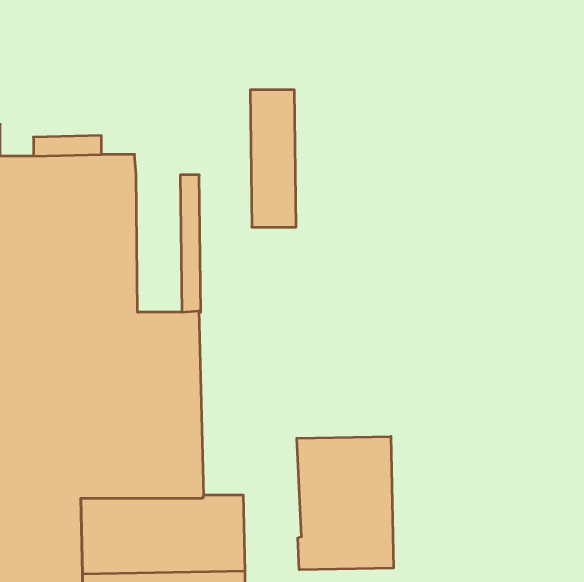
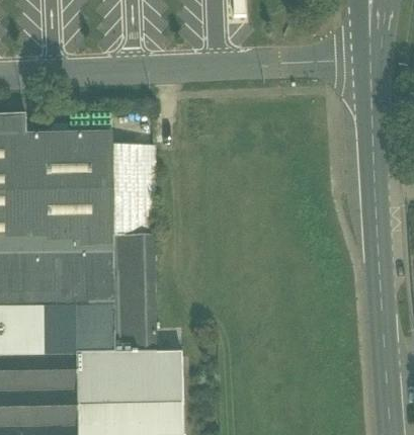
building: [250,90,296,227] -> [113,150,143,238]
building: [297,436,393,570] -> none

